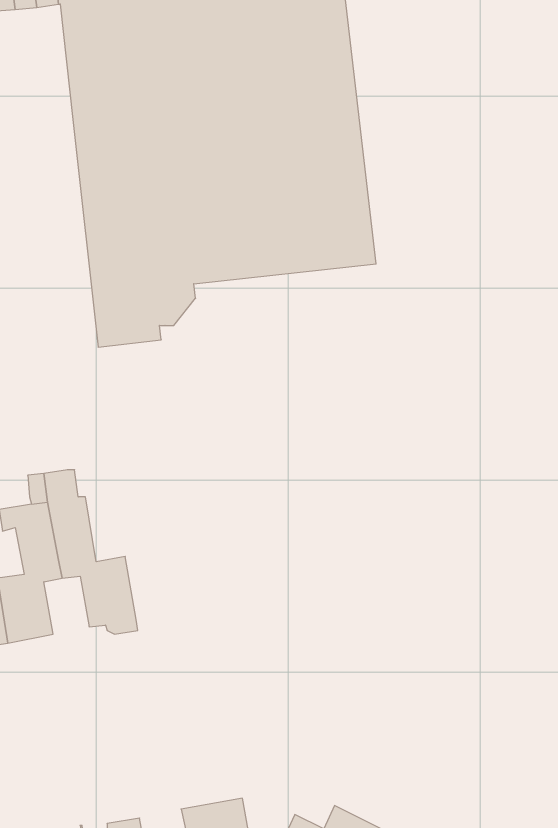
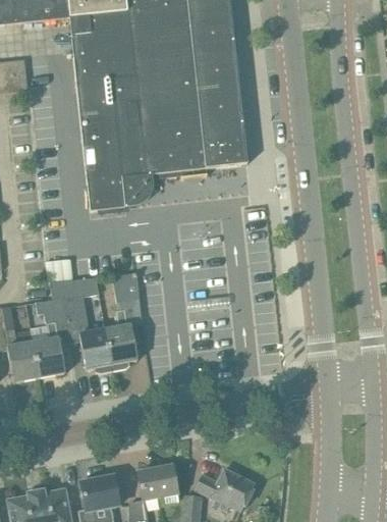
building: none -> [106,273,142,370]

